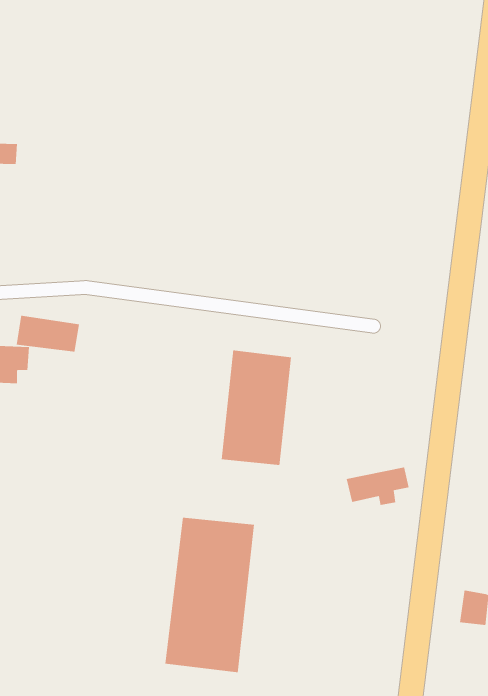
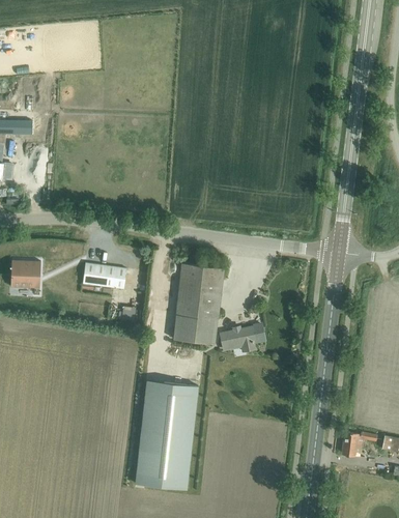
building: [16,315,80,352] -> [82,262,126,288]
building: [346,467,409,505] -> [219,324,263,351]

